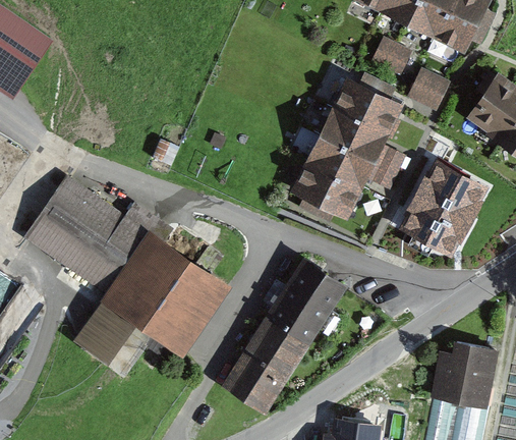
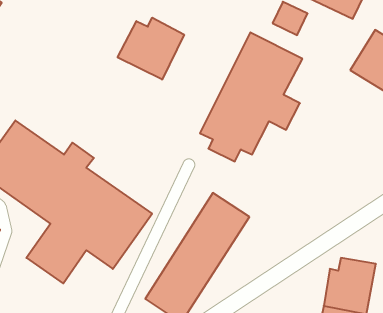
building: none -> [118,18,184,80]
building: [406,68,450,112] -> none
building: [400,162,486,257] -> none

